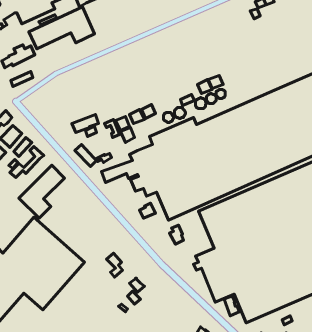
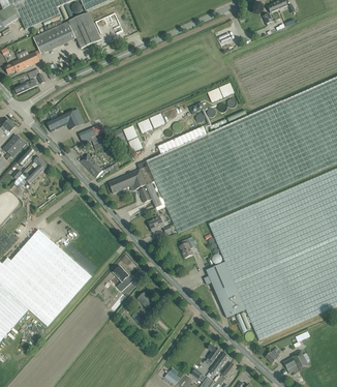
building: none -> [47,108,84,130]
building: [19,165,65,218] -> none

